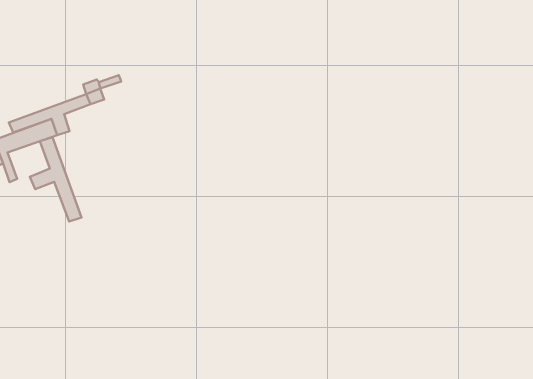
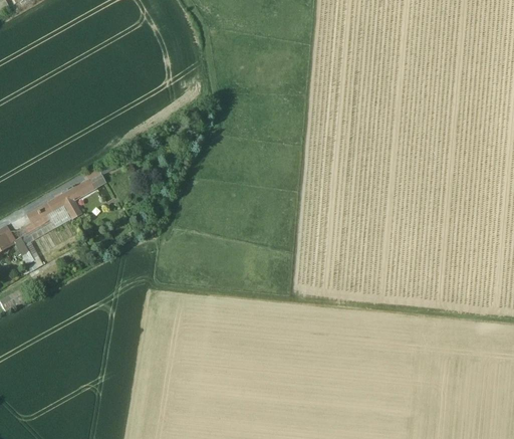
building: [30,137,82,221] -> none

